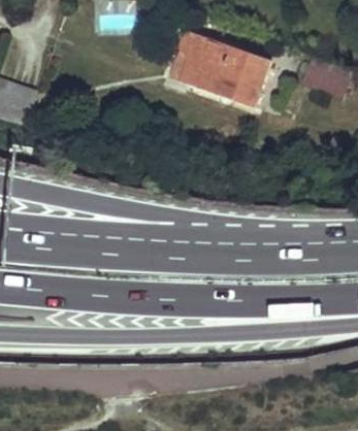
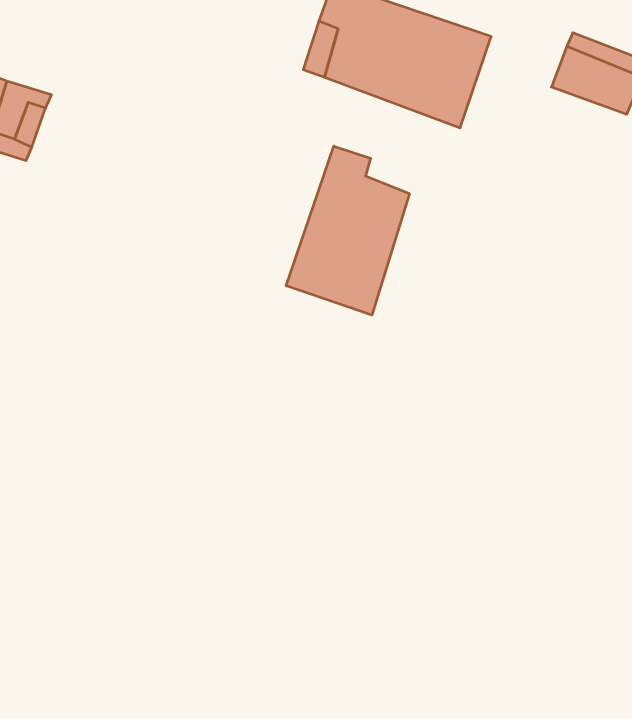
building: none -> [286,146,409,315]

